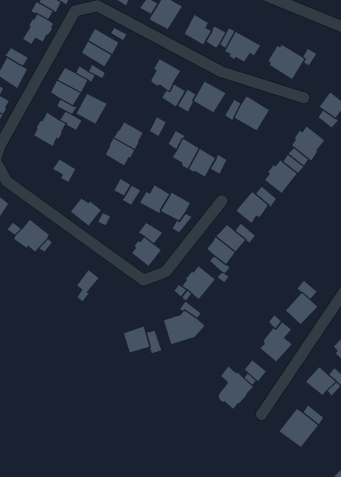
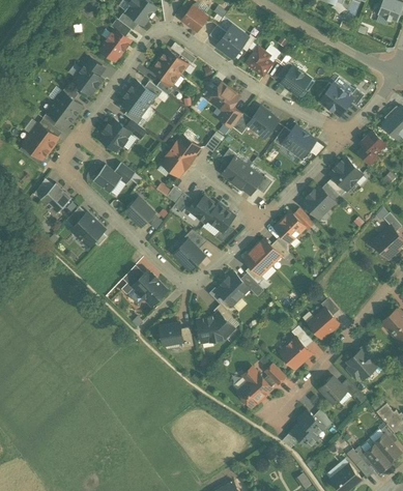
building: [76,93,107,124] -> none
building: none -> [93,165,122,194]
building: none -> [128,271,167,305]

